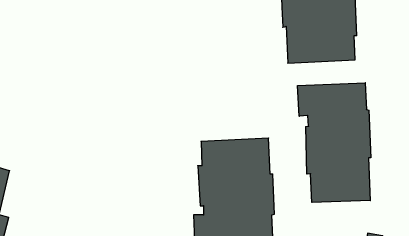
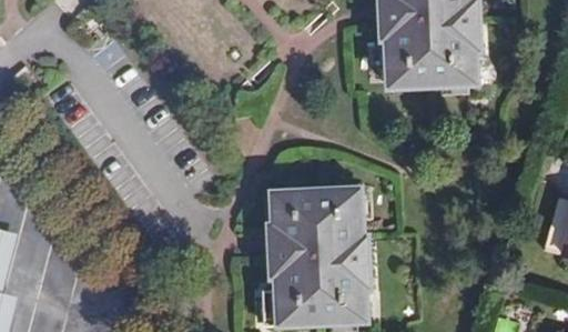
building: [298,83,371,202] -> none

